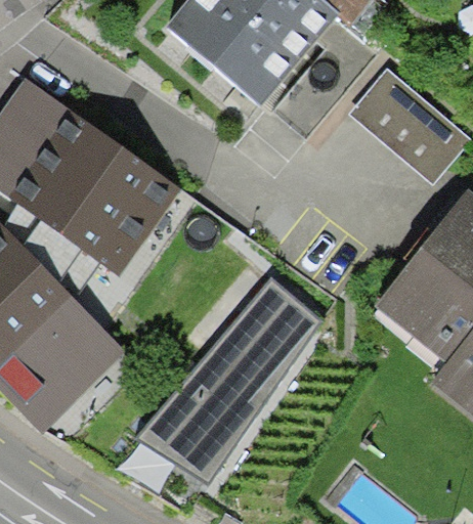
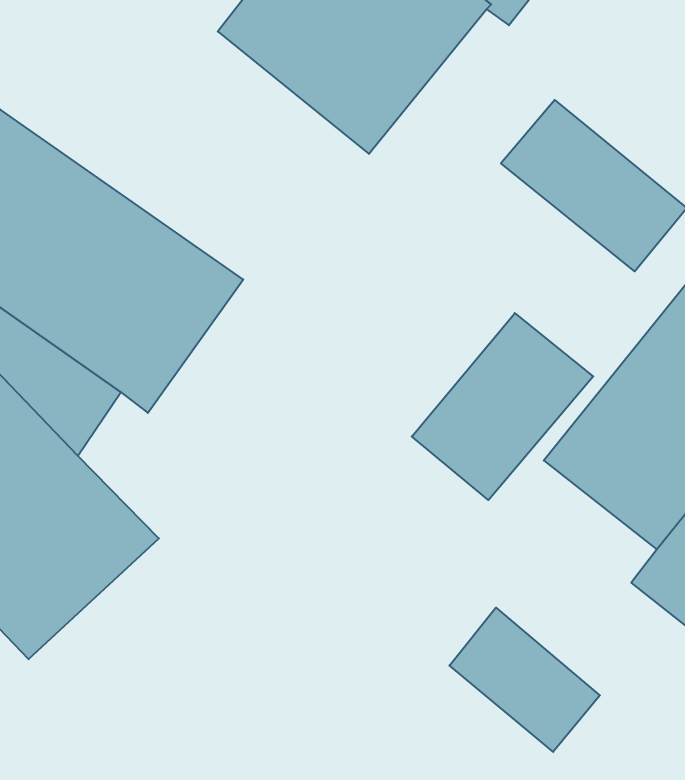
building: none -> [412,313,593,500]
building: [133,279,320,484] -> none
building: none -> [449,608,600,752]

